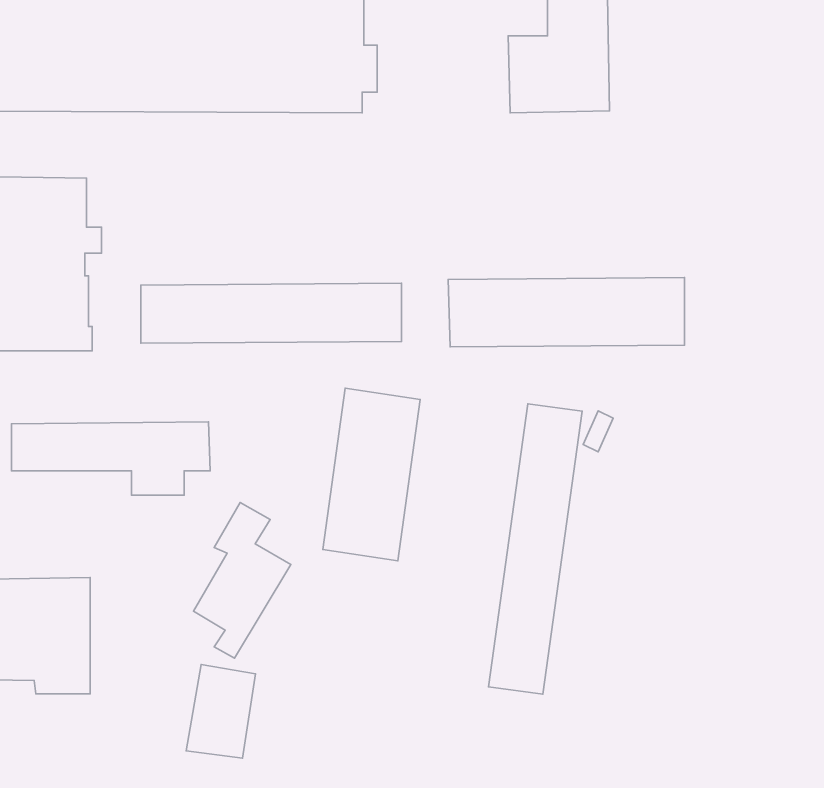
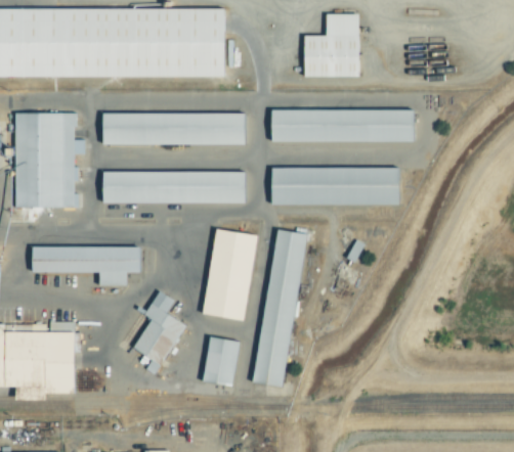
building: none -> [272,109,415,143]
building: none -> [103,112,245,145]
building: [489,404,582,694] -> [254,229,305,388]
building: [186,665,256,758] -> [202,336,240,388]

